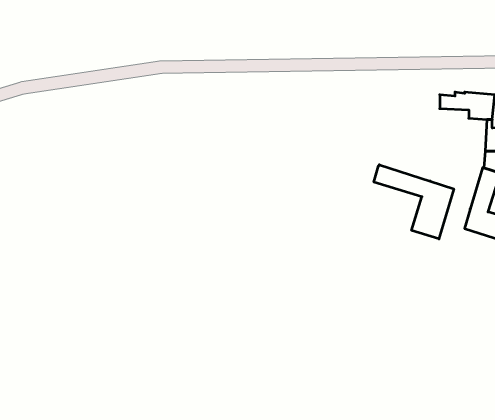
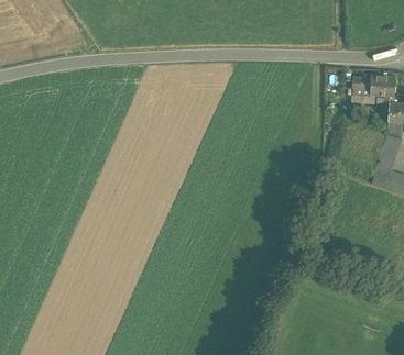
building: [374,165,454,239] -> none

